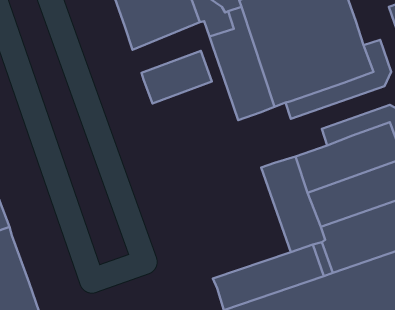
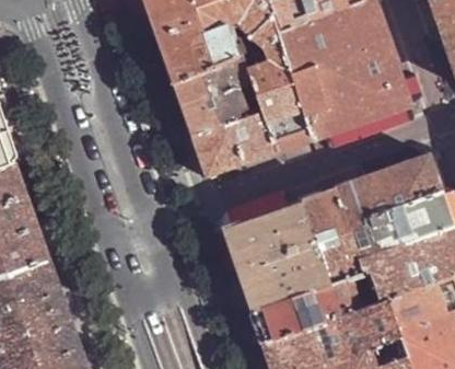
building: none -> [172,54,252,105]
building: none -> [191,111,277,177]
building: none -> [222,199,329,310]

